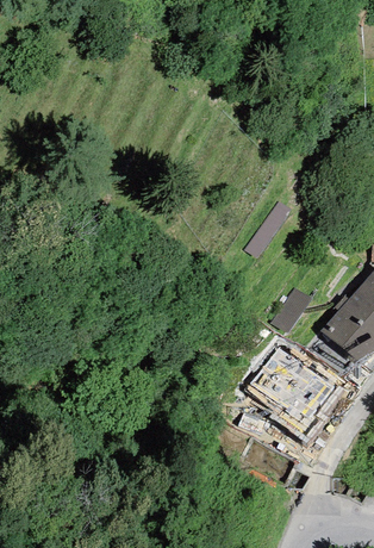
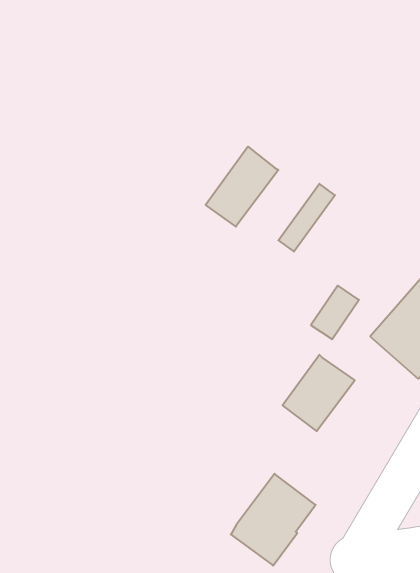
building: none -> [206,147,278,227]
building: [270,367,342,444] -> [231,474,316,566]

